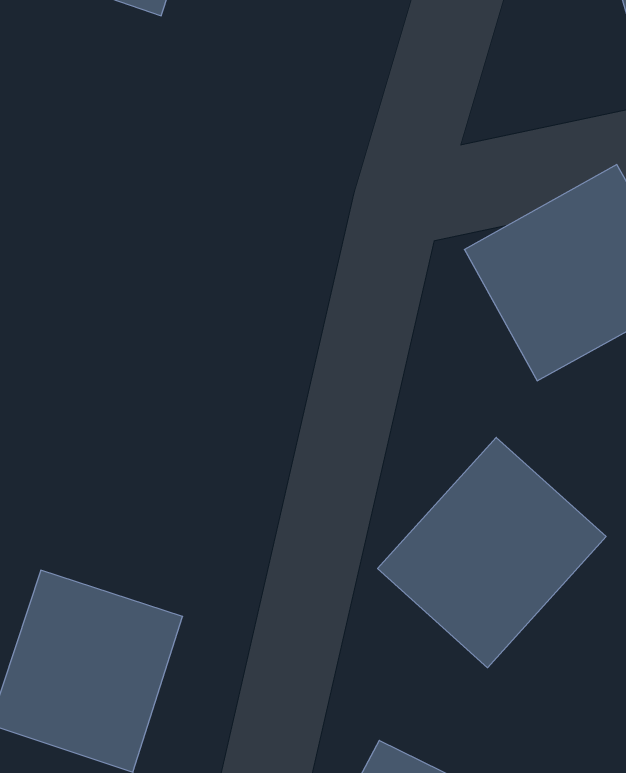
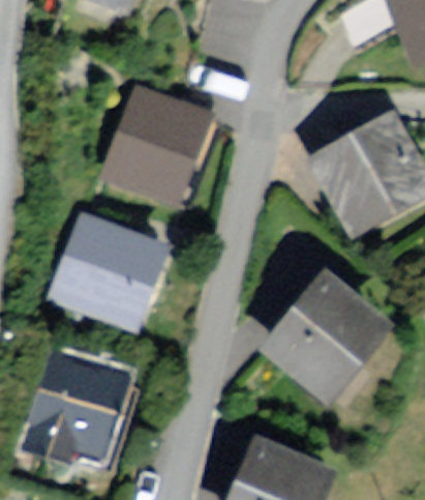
building: none -> [108,87,218,206]
building: none -> [64,215,172,326]

